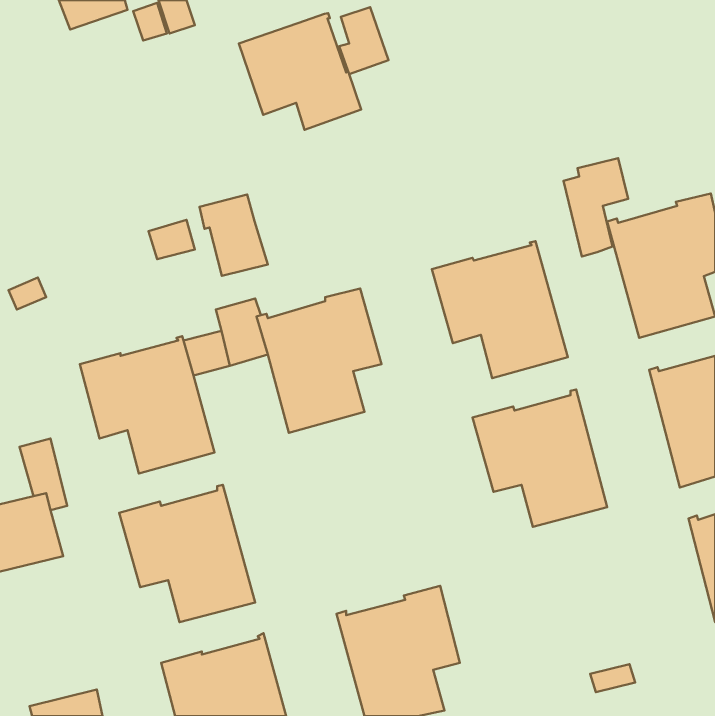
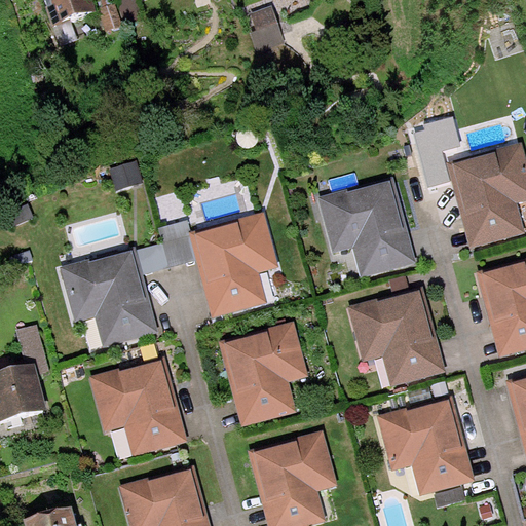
building: [239,13,361,130] -> none
building: [200,195,268,276] -> none
building: none -> [218,321,308,426]
building: none -> [376,394,475,496]

